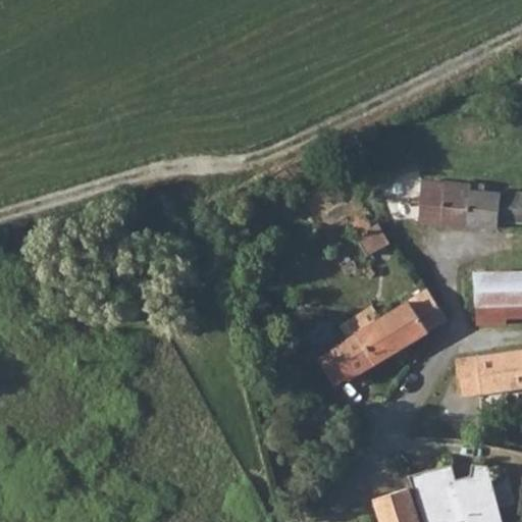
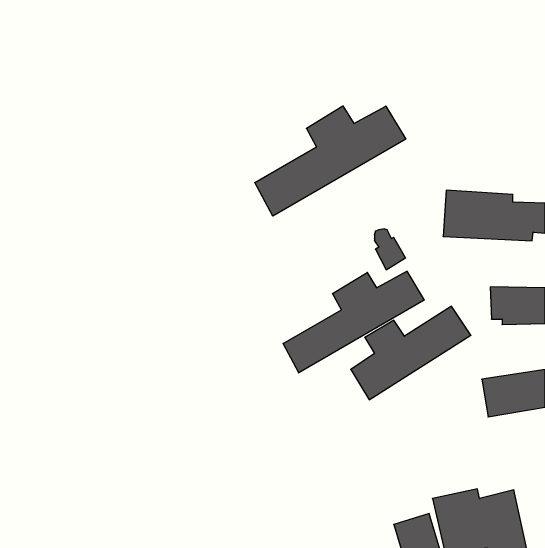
building: none -> [255,106,406,216]
building: none -> [283,271,424,373]

